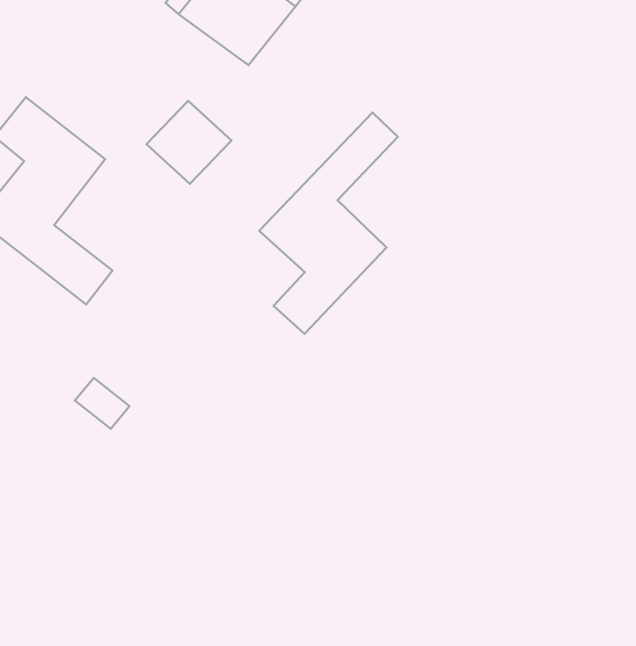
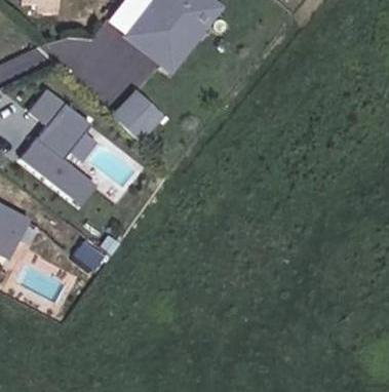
building: [259,113,398,334] -> none

